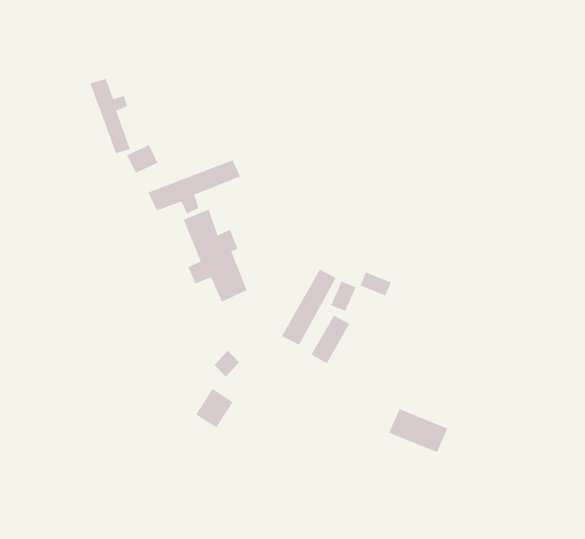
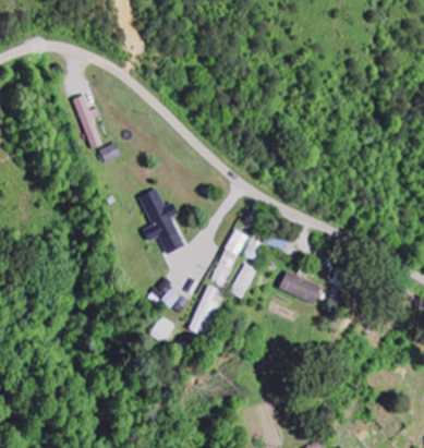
building: [148,159,241,214] -> none
building: none -> [187,284,217,336]
building: [388,408,448,453] -> [278,271,320,303]

